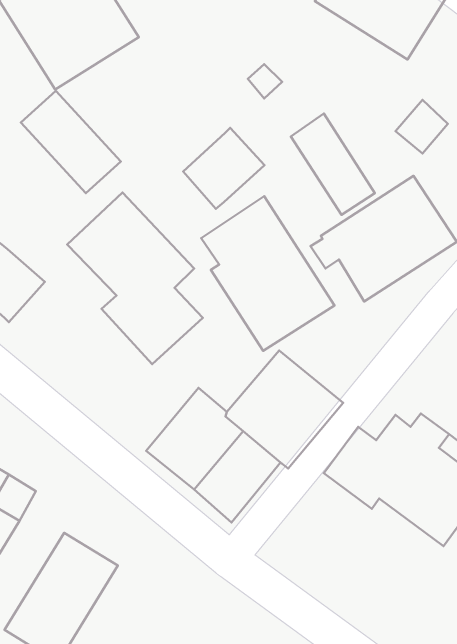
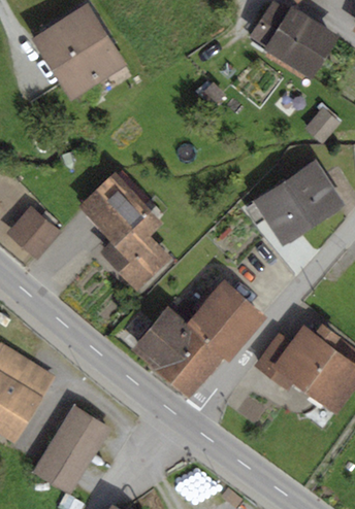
building: [21,91,121,193] -> none
building: [291,113,375,215] -> none
building: [183,128,264,209] -> none
building: [201,196,334,351] -> none

